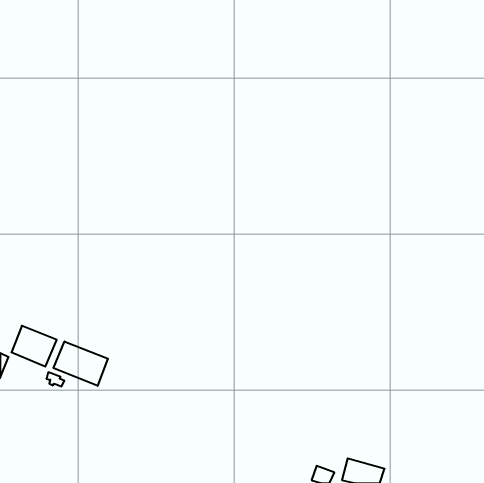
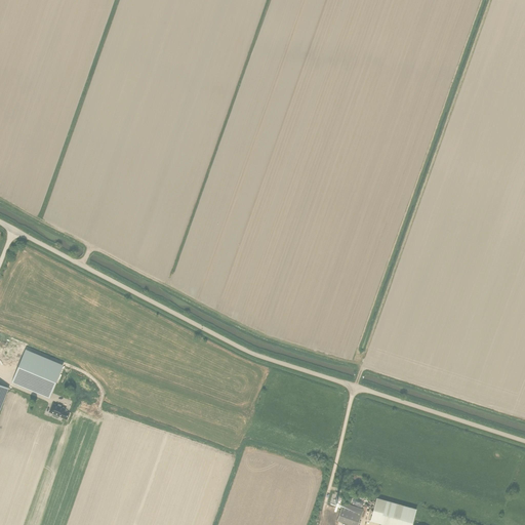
building: [53,341,108,386] -> none

